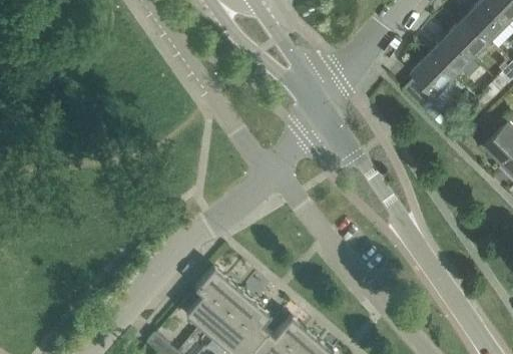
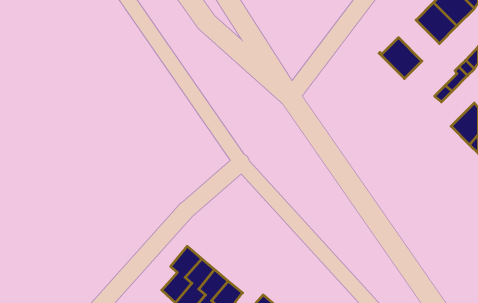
building: [430,35,472,77] -> none

